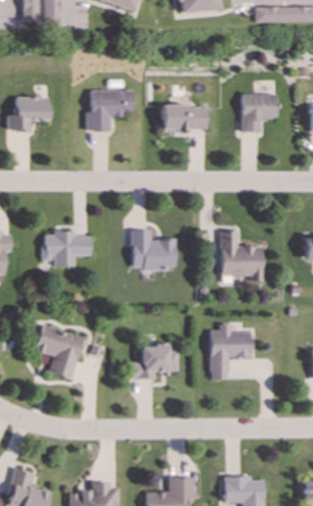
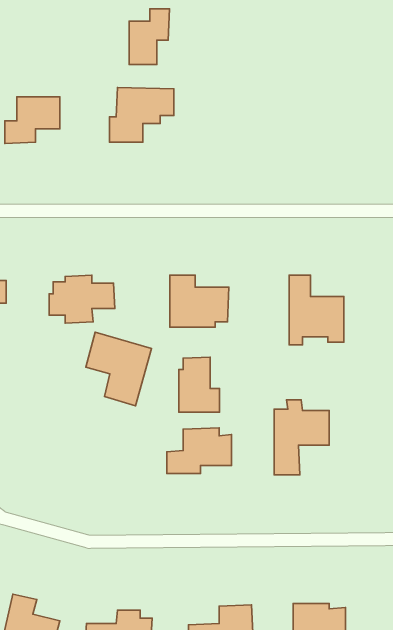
building: none -> [129,9,169,64]
building: [243,93,277,132] -> none
building: [164,104,207,131] -> none
building: none -> [179,357,220,412]
building: [34,324,83,380] -> [86,332,151,406]

